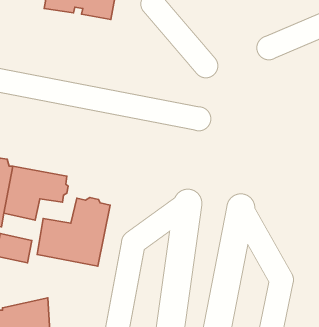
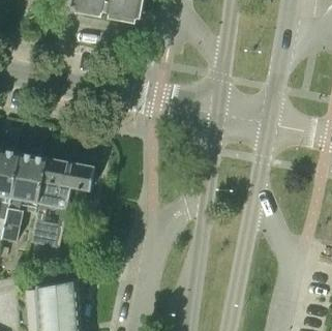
building: [37,198,110,266] -> none

